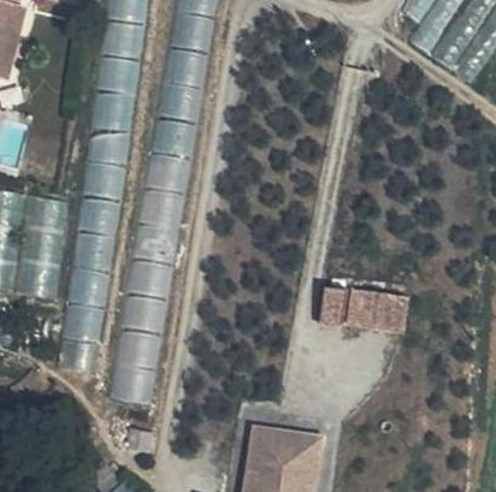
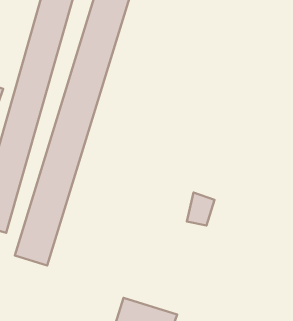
building: [347,291,401,330] -> none

